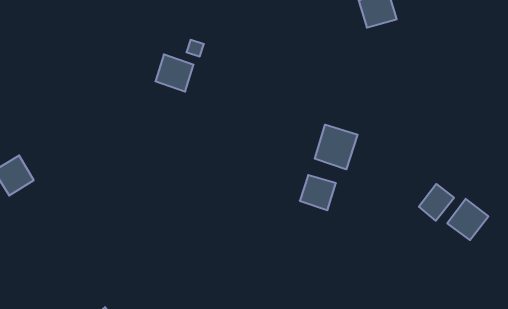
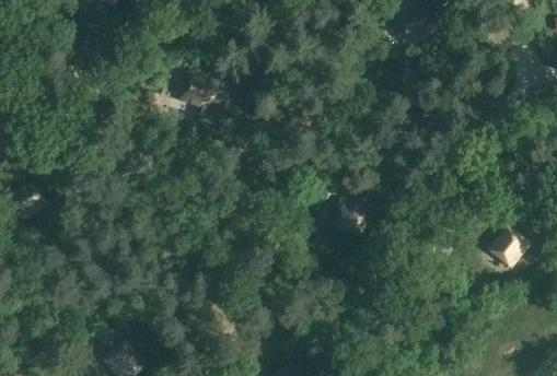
building: [315,125,358,169] -> none
building: [419,184,454,221] -> none

